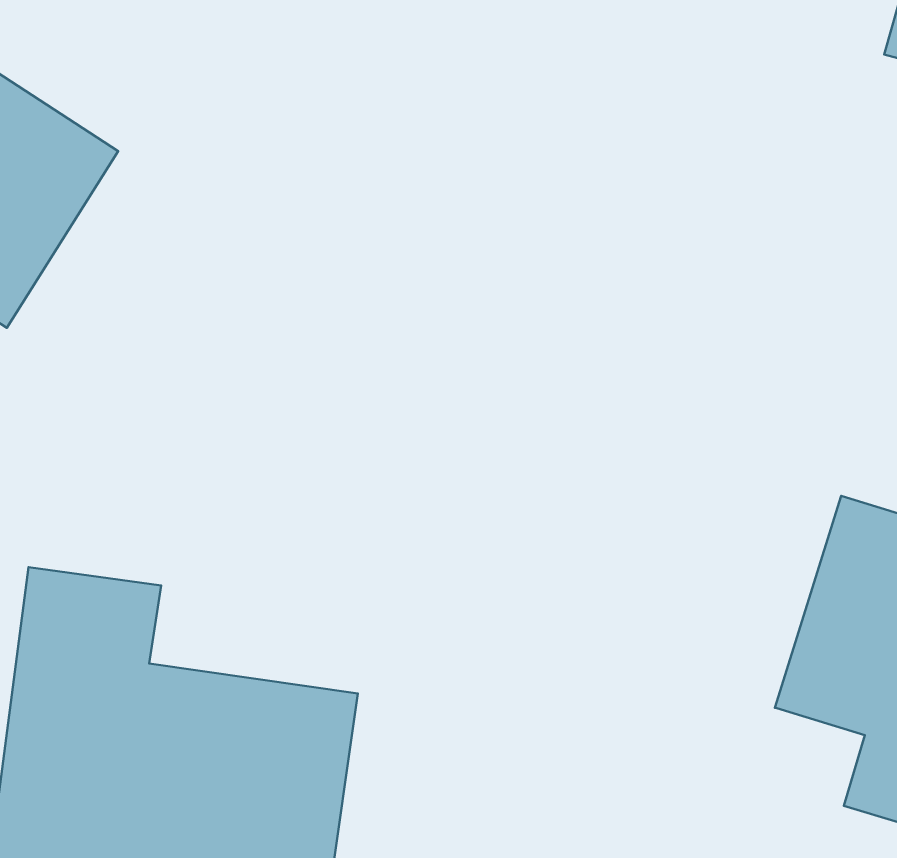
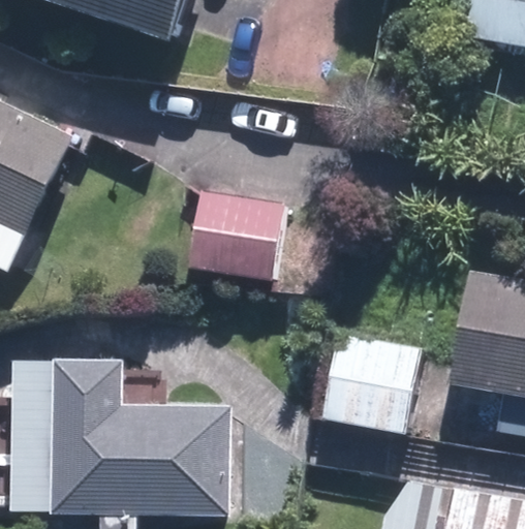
building: none -> [188,187,282,277]
building: none -> [321,332,420,433]

